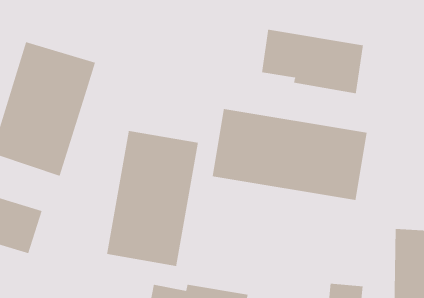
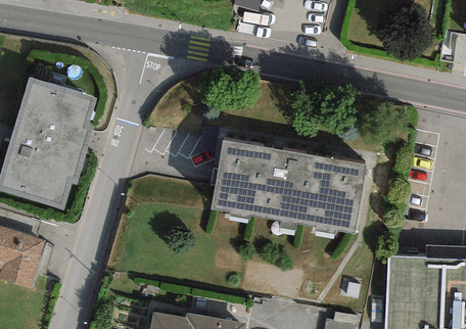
building: [261,29,364,94] -> none
building: [106,130,199,267] -> none

